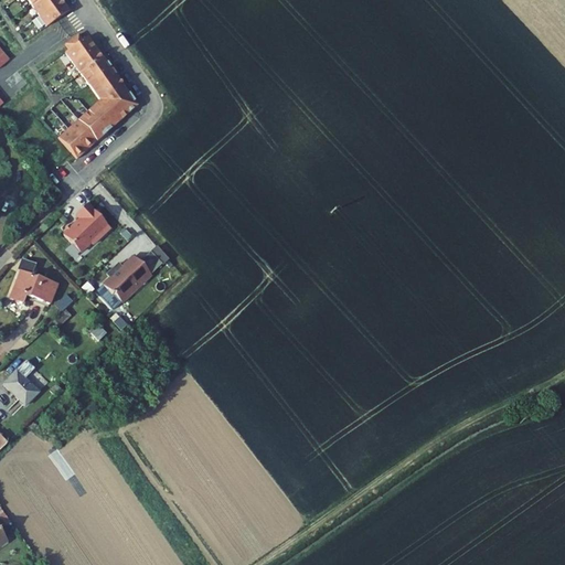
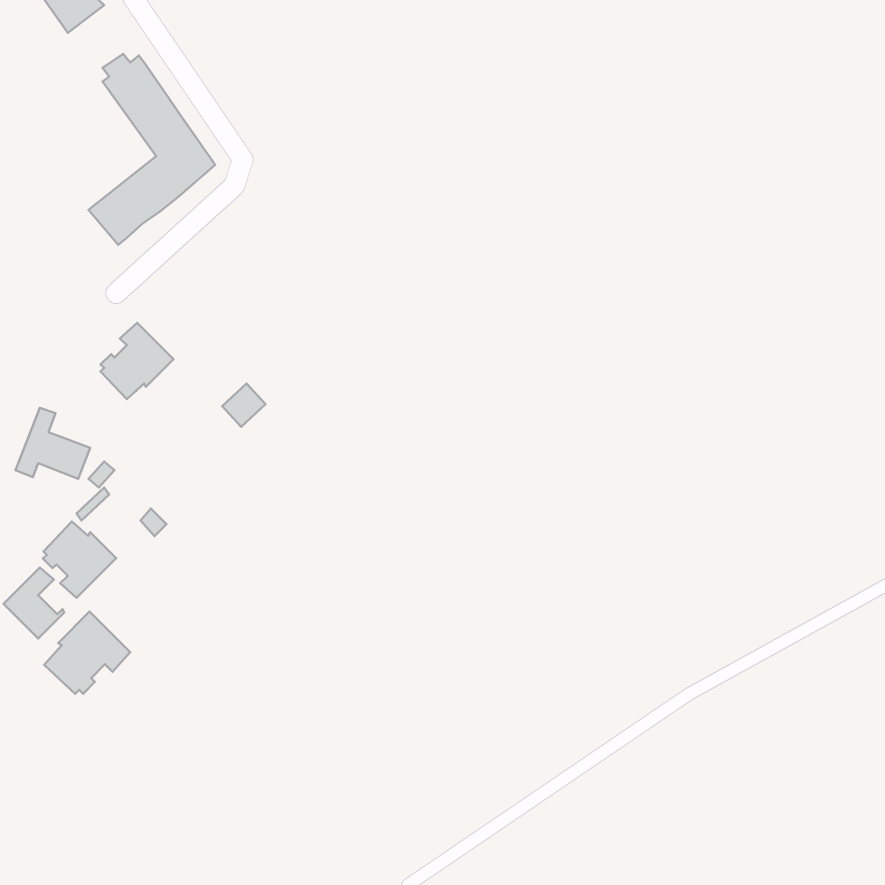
building: [96,247,147,296] -> none
building: none -> [43,521,116,598]
building: none -> [44,612,130,694]

